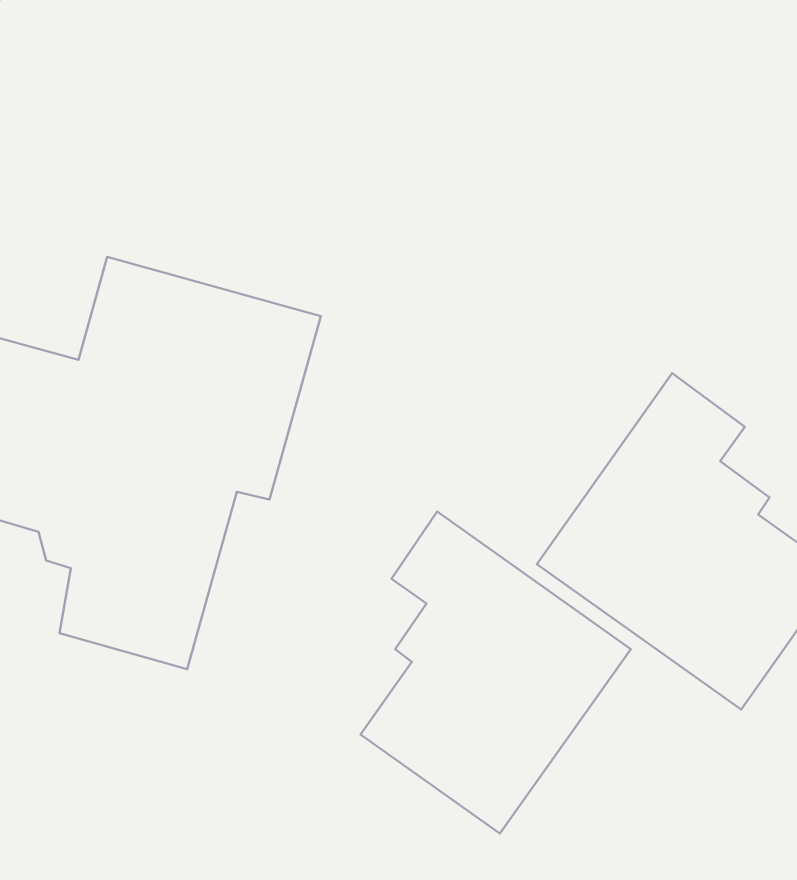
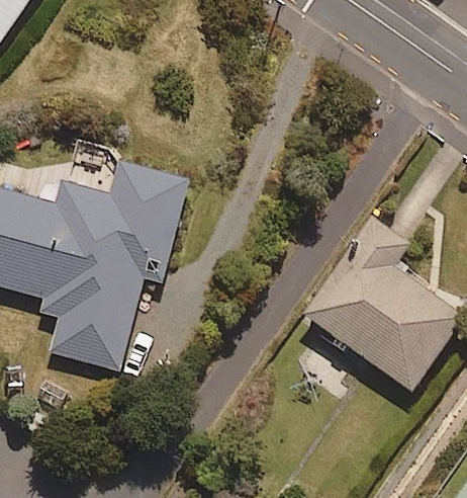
building: [361,511,631,834] -> none

